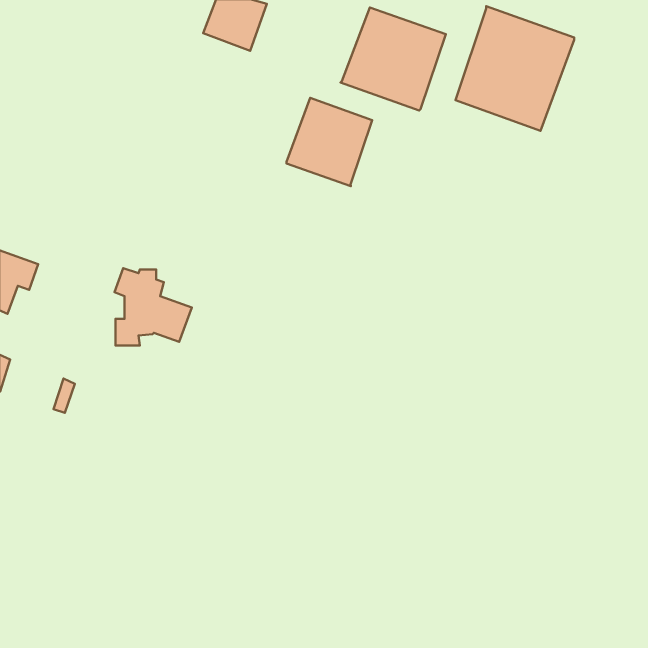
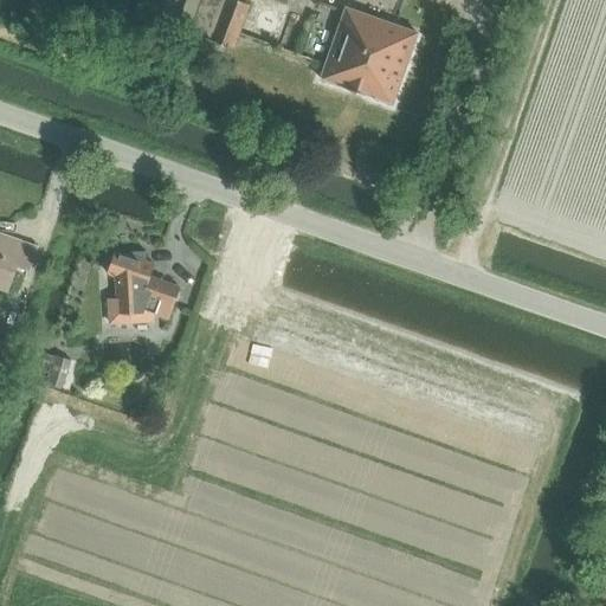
building: [456,6,574,131] -> none
building: [286,98,372,186] -> none

